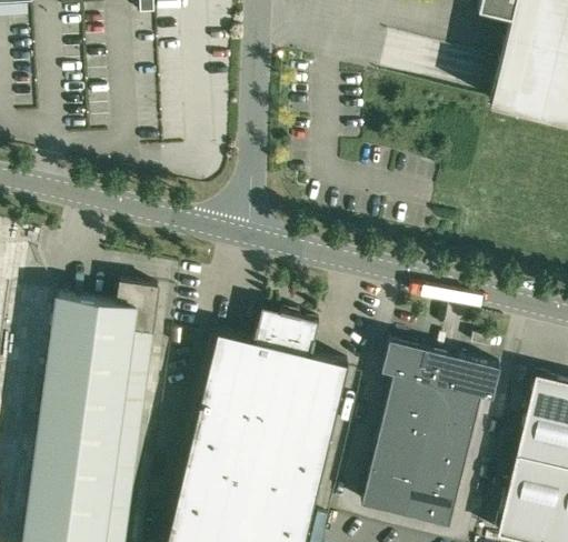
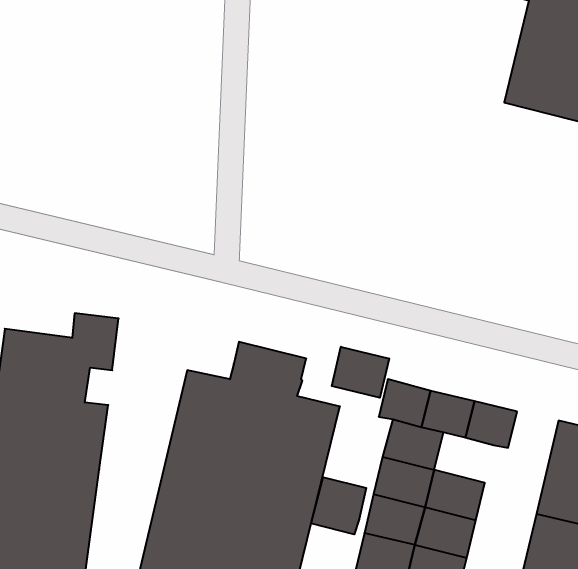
building: none -> [332,347,389,398]
building: [429,388,480,431] -> none
building: none -> [311,477,366,534]

